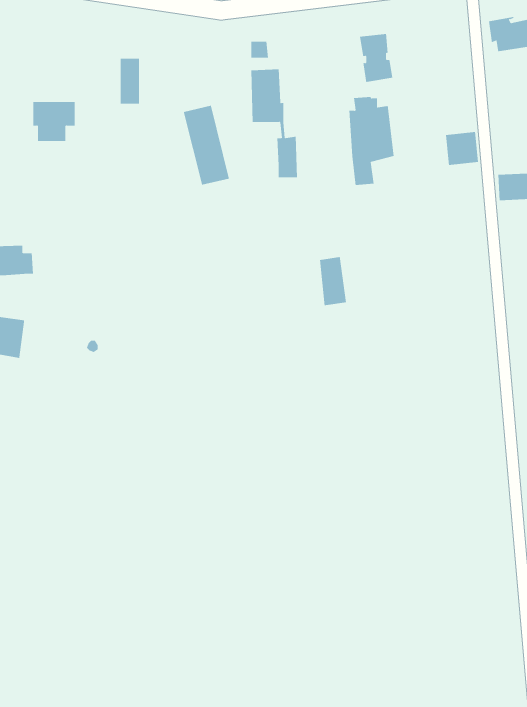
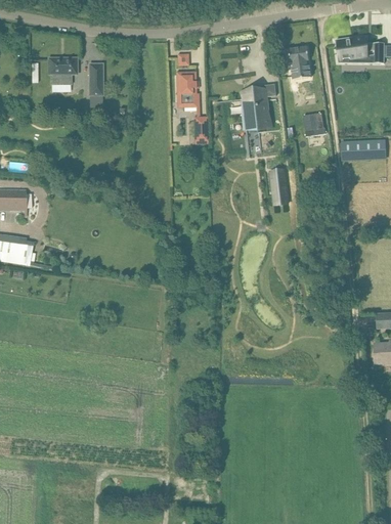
building: [359,33,393,82] -> [289,46,311,79]
building: [32,102,75,141] -> [48,57,77,84]
building: [183,105,230,186] -> none
building: [319,257,347,306] -> [269,169,288,202]

